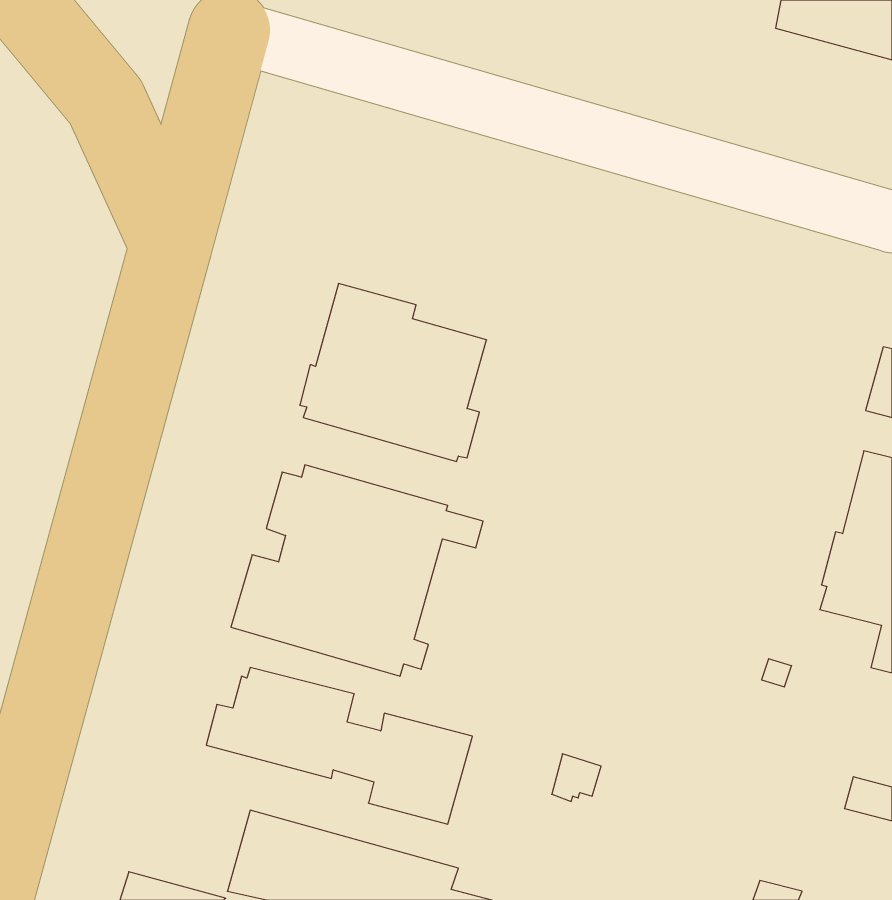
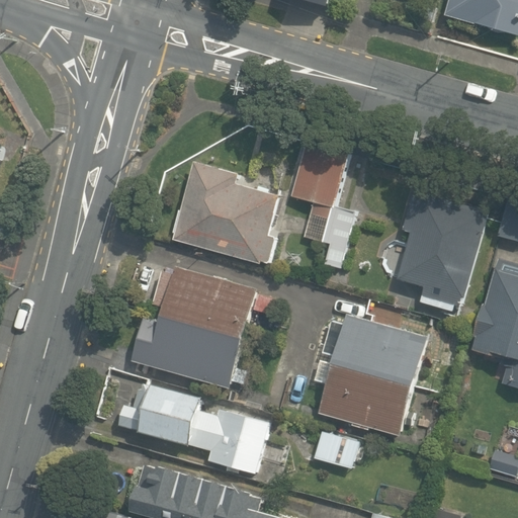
building: none -> [291,143,354,268]
building: none -> [397,194,488,312]
building: none -> [313,315,426,436]

